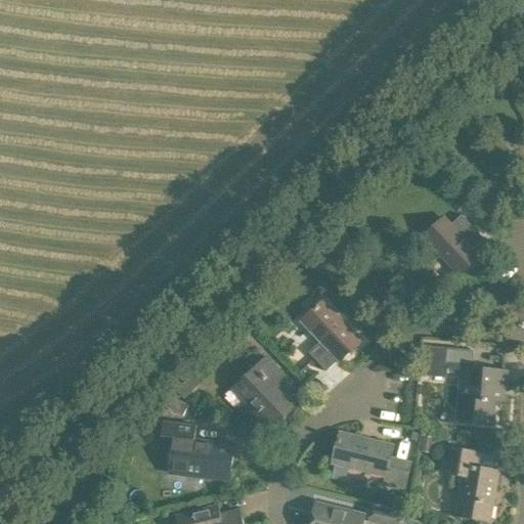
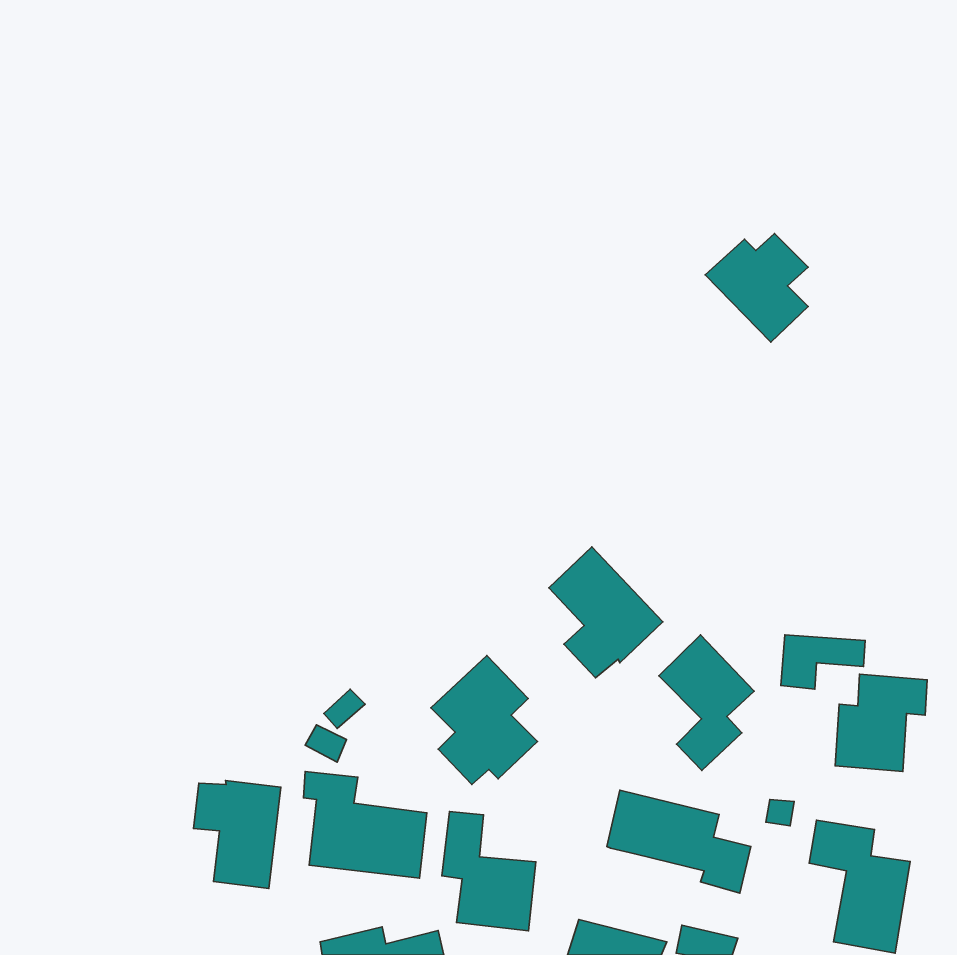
building: [423,215,479,274] -> [705,233,808,342]
building: none -> [659,635,754,771]
building: none -> [193,780,281,888]
building: none -> [442,811,536,931]

